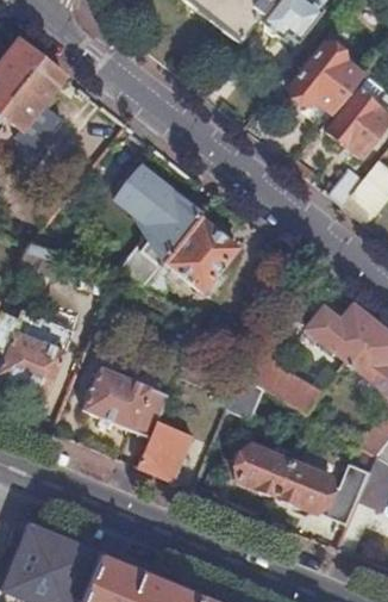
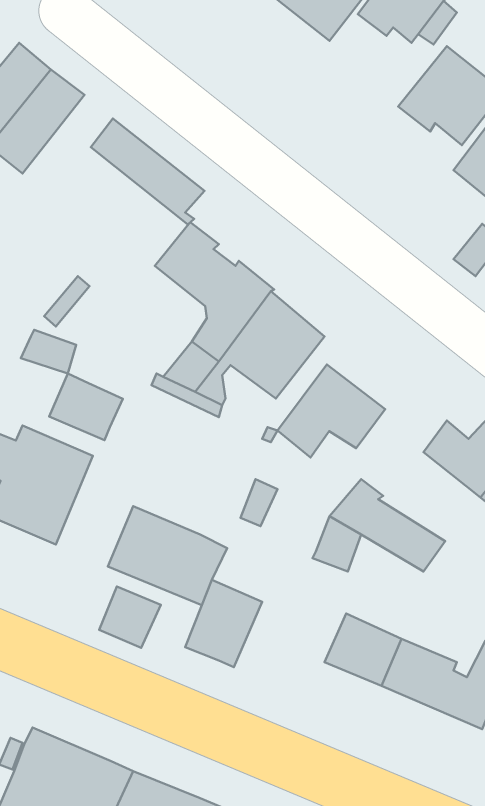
building: none -> [91,119,205,224]
building: none -> [277,365,385,457]
building: none -> [49,373,123,440]
building: none -> [99,586,161,648]

